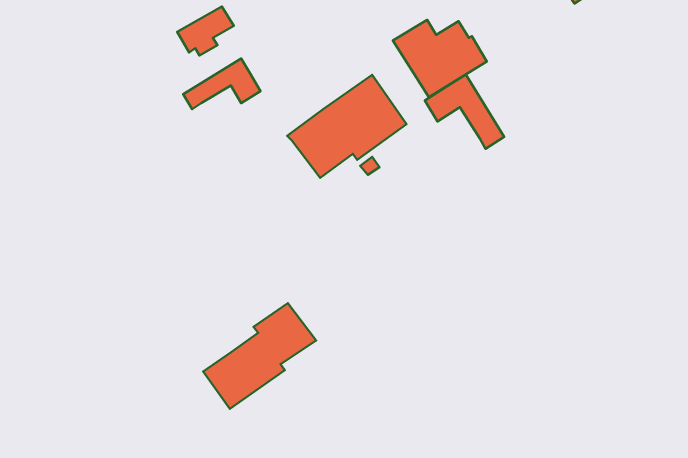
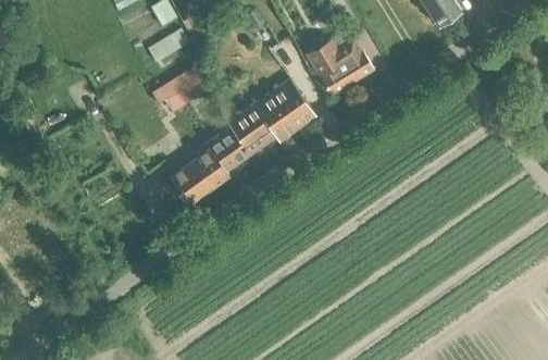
building: [425,74,504,149] -> none
building: [203,303,316,409] -> [170,127,252,204]

